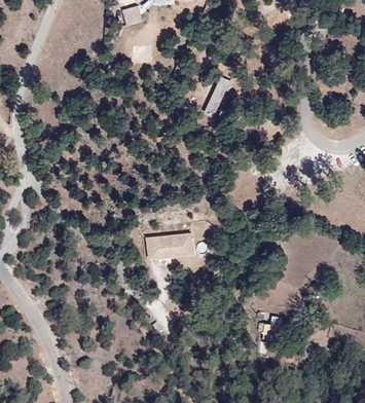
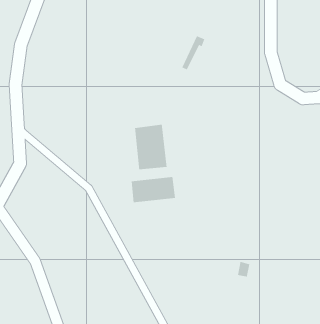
building: none -> [134,124,167,170]

